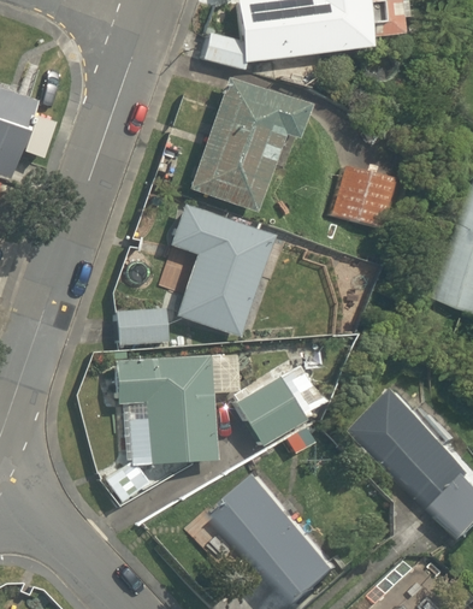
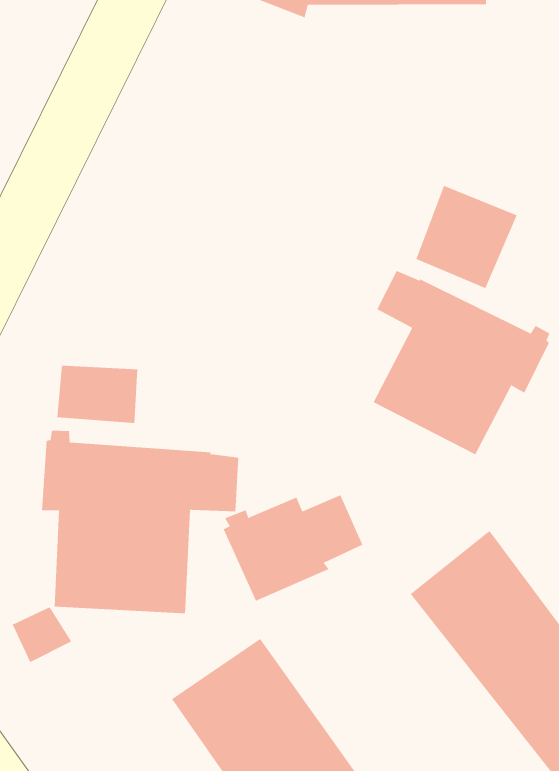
building: [188,77,305,212] -> none
building: [167,203,273,336] -> none
building: none -> [373,270,550,455]

